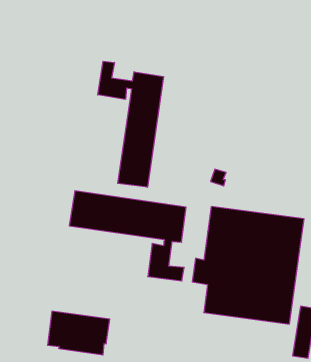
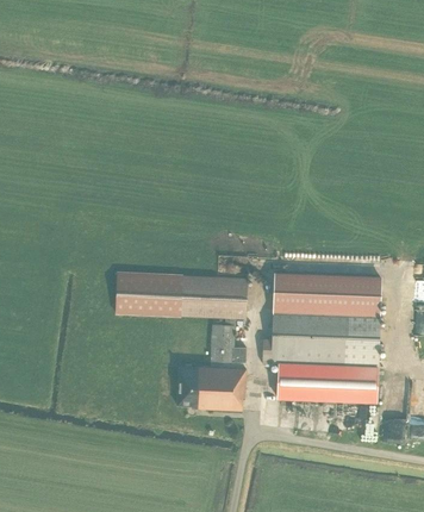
building: [98,61,164,187] -> none
building: [48,311,110,355] -> [177,366,245,410]

